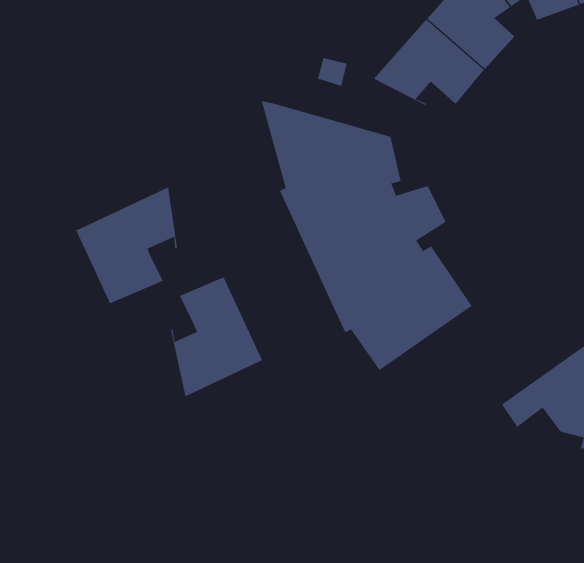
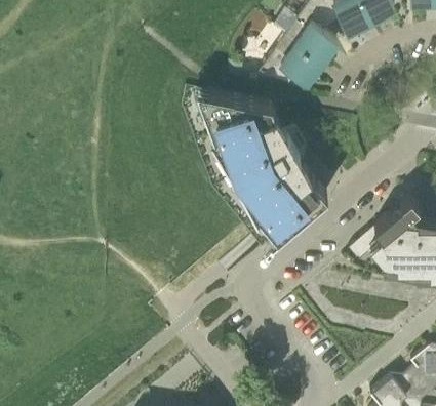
building: [76,187,178,304] -> none
building: [170,277,263,397] -> none

